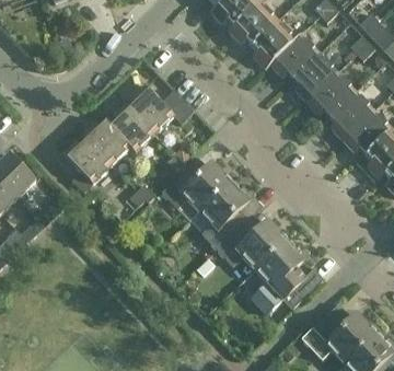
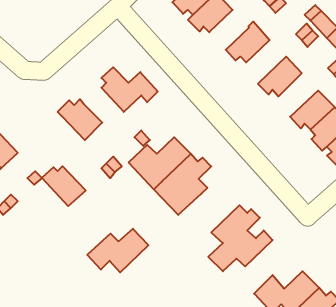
building: [251,19,296,68] -> none
building: [292,53,337,102] -> none
building: [328,90,373,139] -> none
building: [109,101,154,151] -> none
building: [61,138,111,183] -> [42,166,86,206]
building: [216,220,285,269] -> [87,229,148,272]

